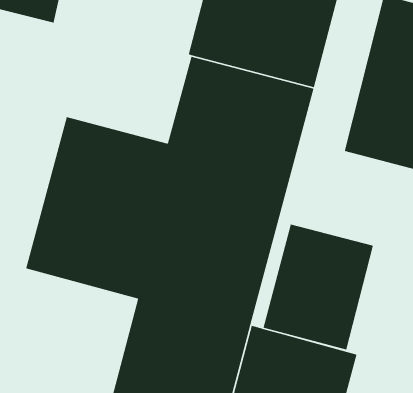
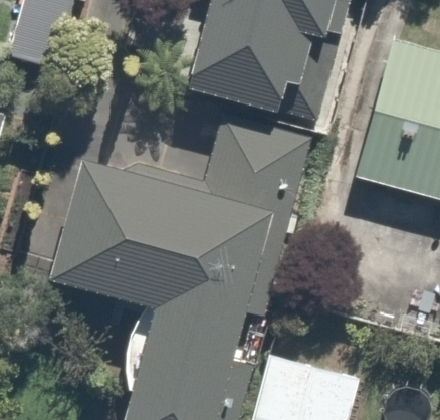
building: [263,223,374,350] -> none

